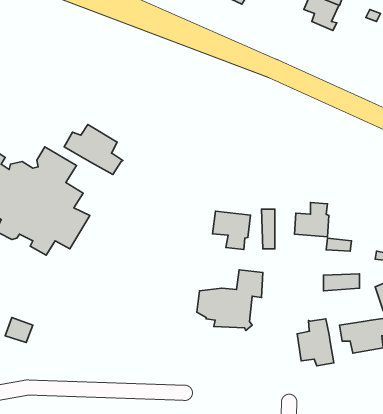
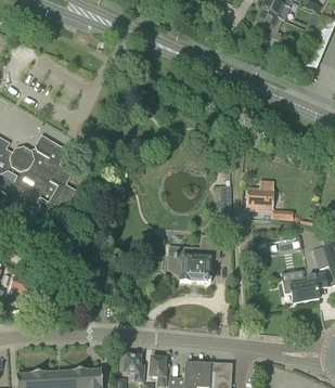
building: [64,125,123,175] -> none
building: [213,211,251,250] -> none
building: [297,319,334,366] -> none

